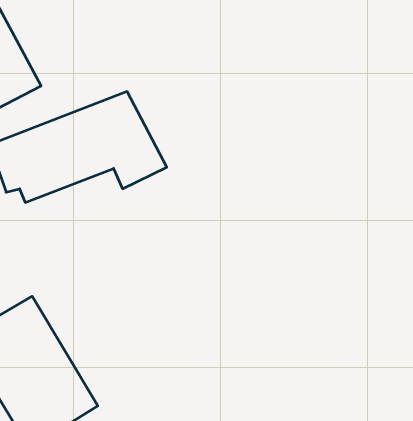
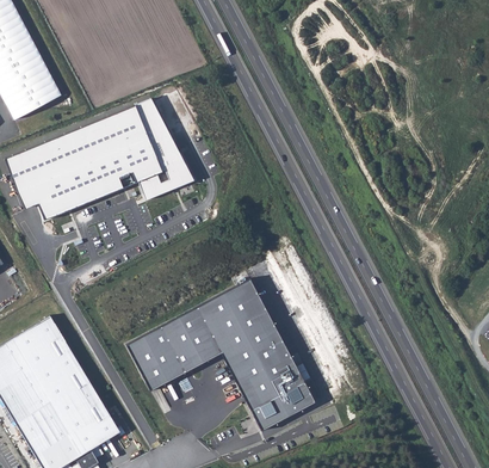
building: none -> [129,278,314,426]

